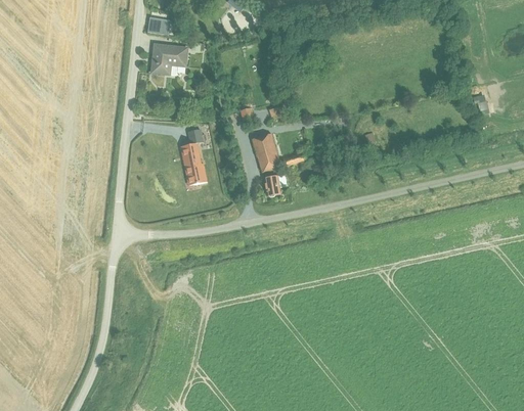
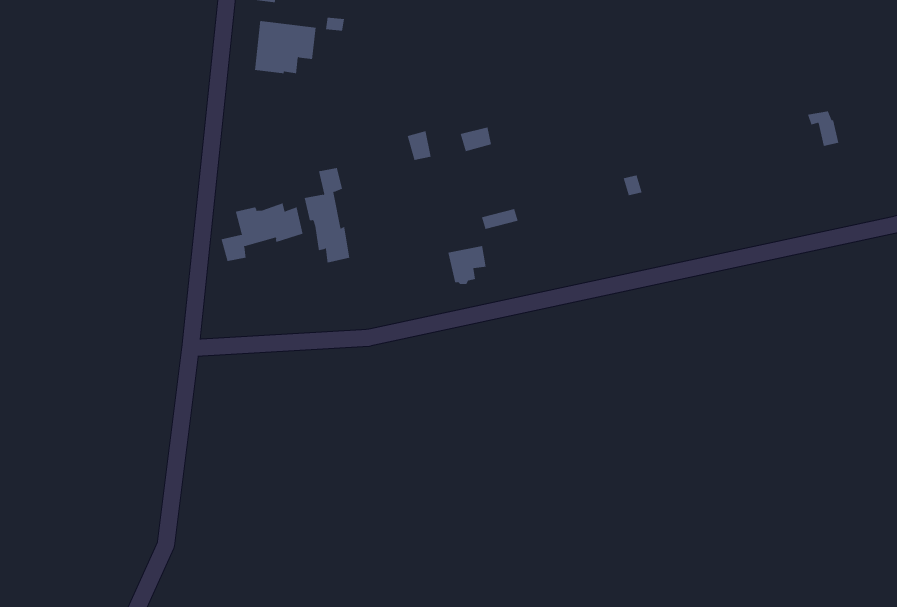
building: [251,132,279,171] -> none
building: none -> [221,202,303,262]

